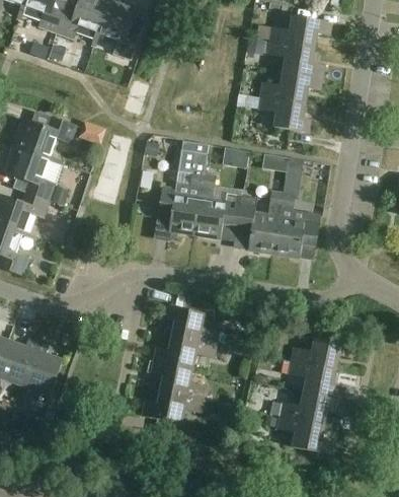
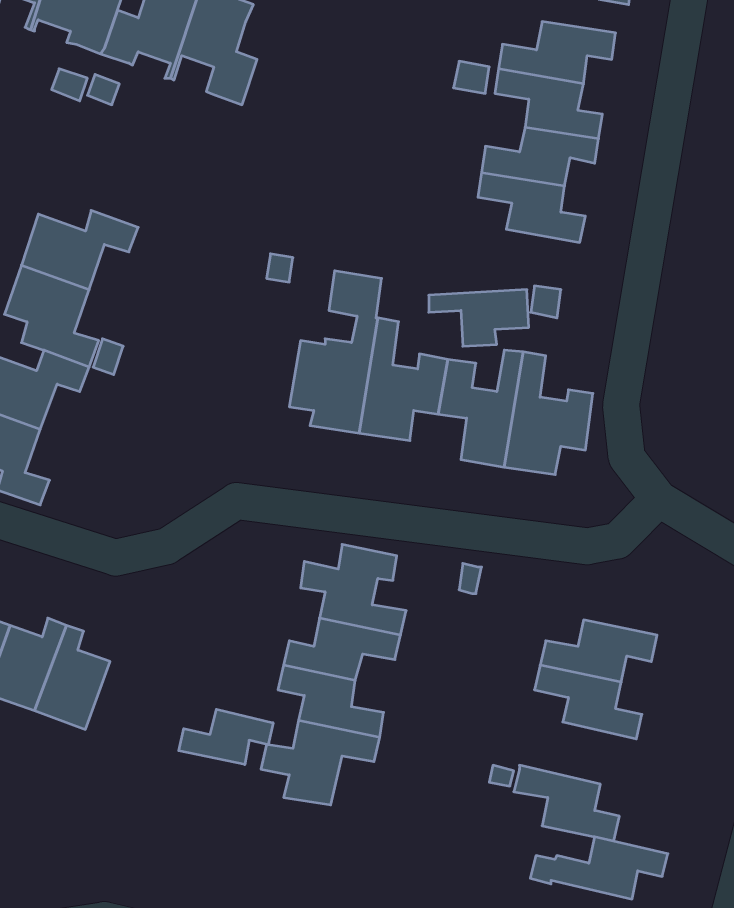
building: none -> [179,709,273,765]
building: [269,390,343,424] -> [530,837,668,899]

